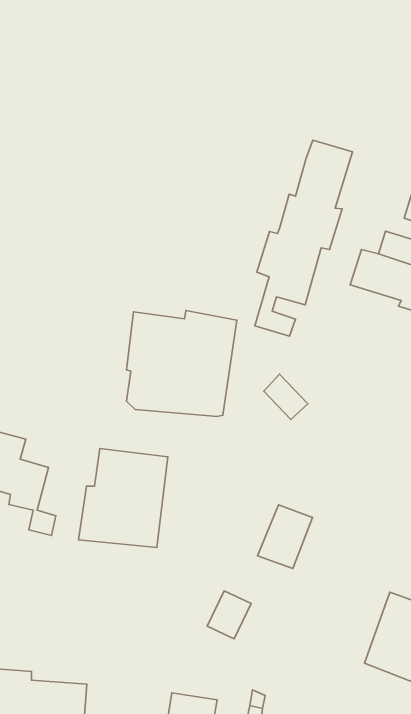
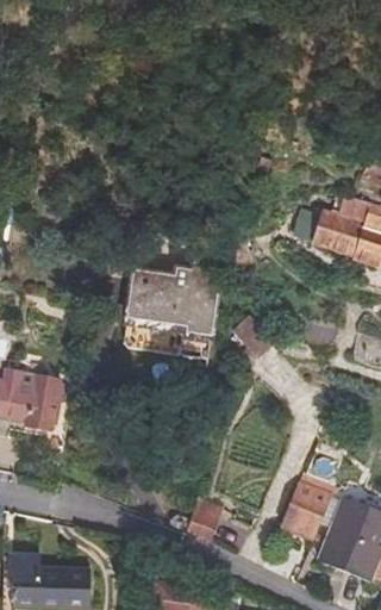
building: [255,140,352,336] -> none
building: [79,449,168,548] -> none
building: [257,505,313,569] -> [282,483,329,536]

